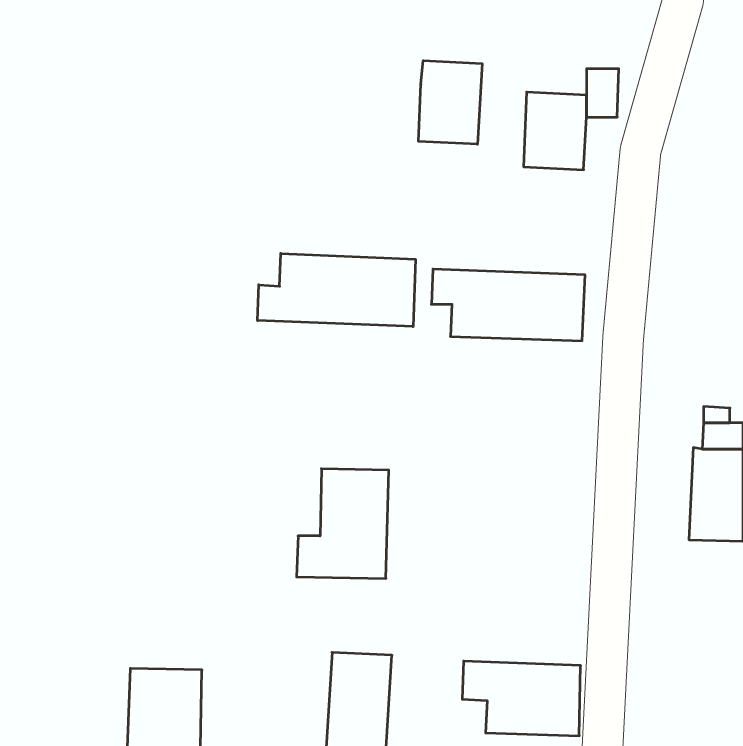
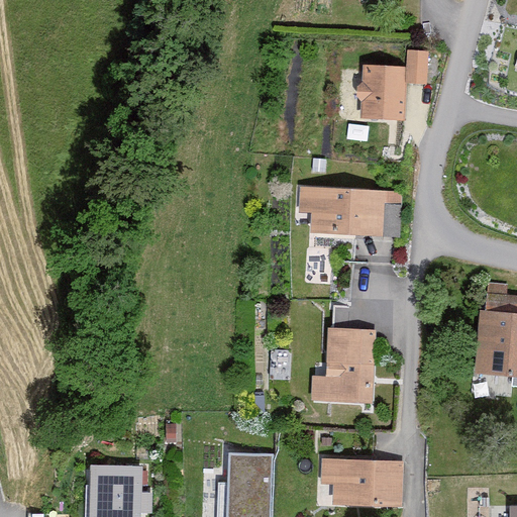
building: [419,61,482,144] -> none
building: [258,253,415,327] -> none
building: [297,469,389,578] -> [311,328,375,404]

